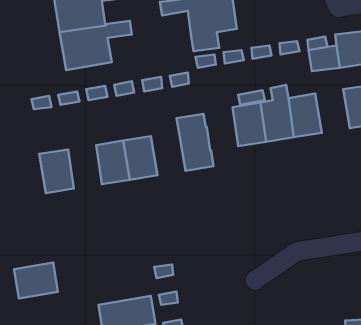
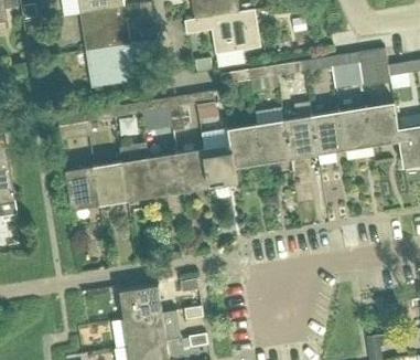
building: none -> [337,107,371,150]
building: none -> [227,125,261,168]
building: none -> [175,149,209,192]
building: none -> [94,162,127,205]
building: [14,263,58,298] -> [119,285,162,320]

